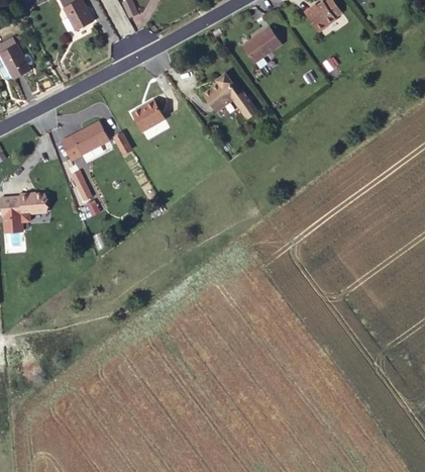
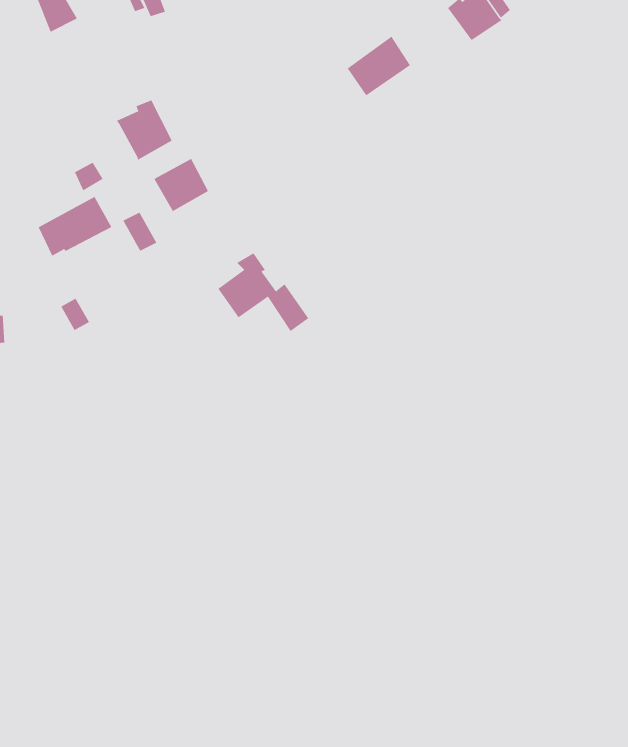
building: none -> [116,99,172,160]
building: [205,75,258,121] -> [218,253,309,332]

